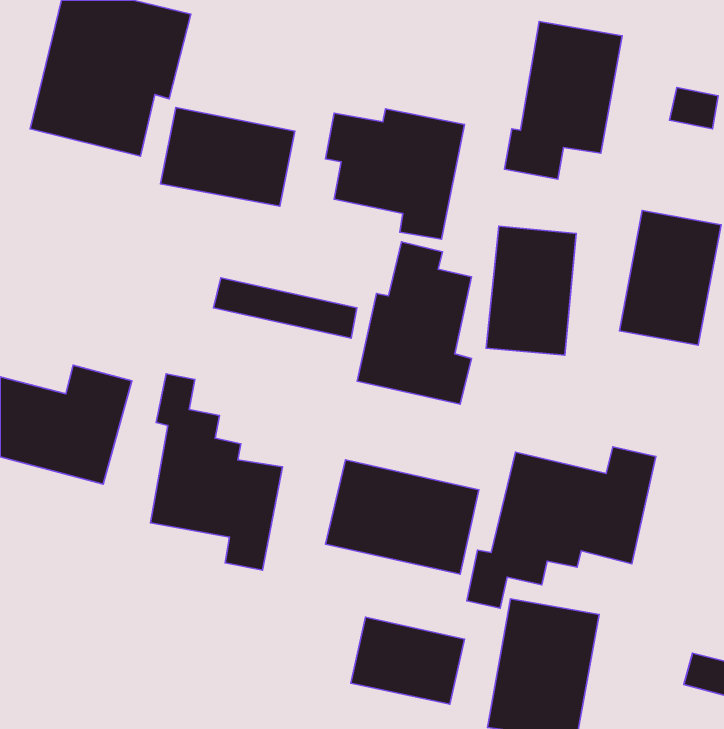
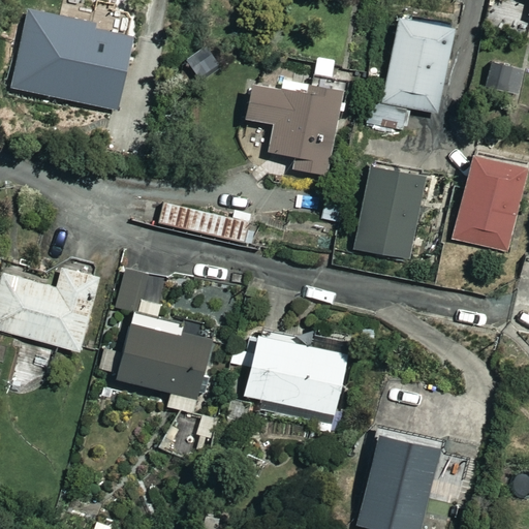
building: [160,107,295,206] -> none
building: [357,242,472,404] -> none
building: [467,447,656,608] -> none
building: [351,617,464,704] -> none

